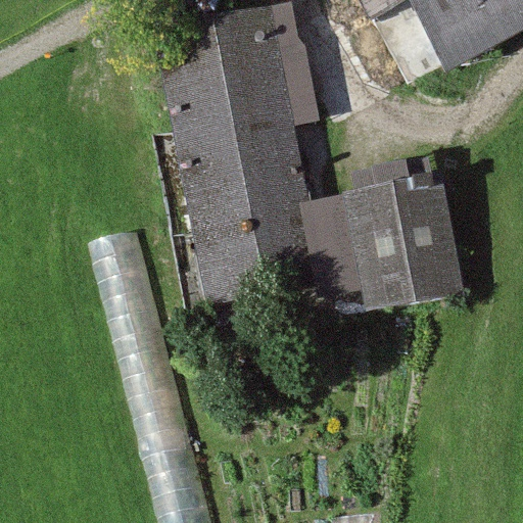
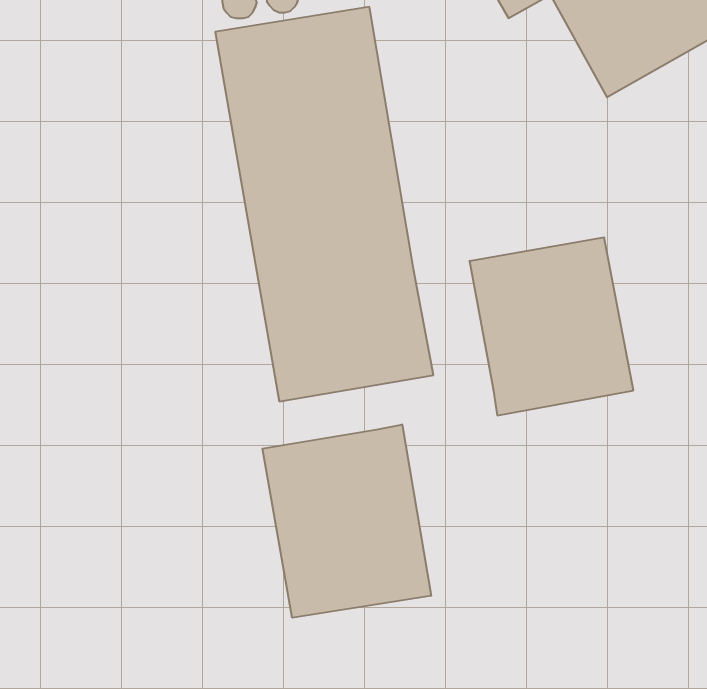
building: [306,192,365,294] -> none
building: none -> [262,424,431,618]

